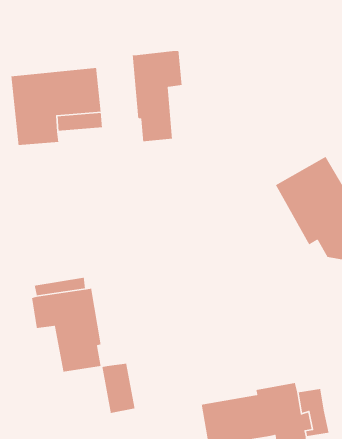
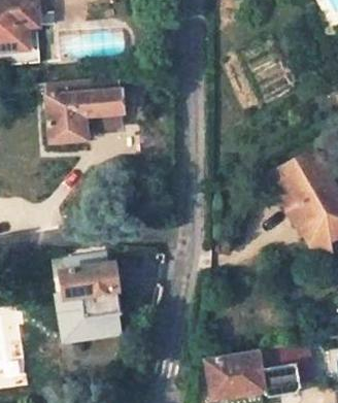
building: [132,50,183,142] -> none
building: [102,363,135,414] -> [58,299,87,342]

